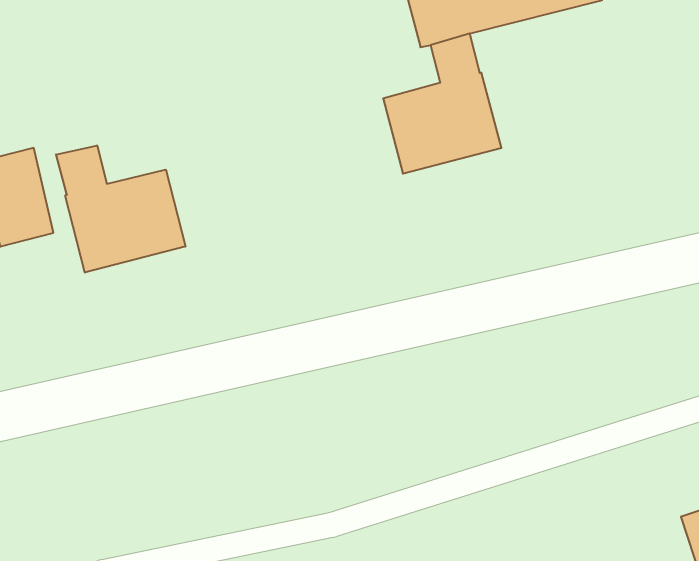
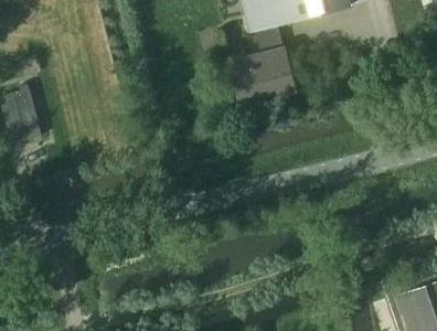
building: [56,145,185,273] -> none

